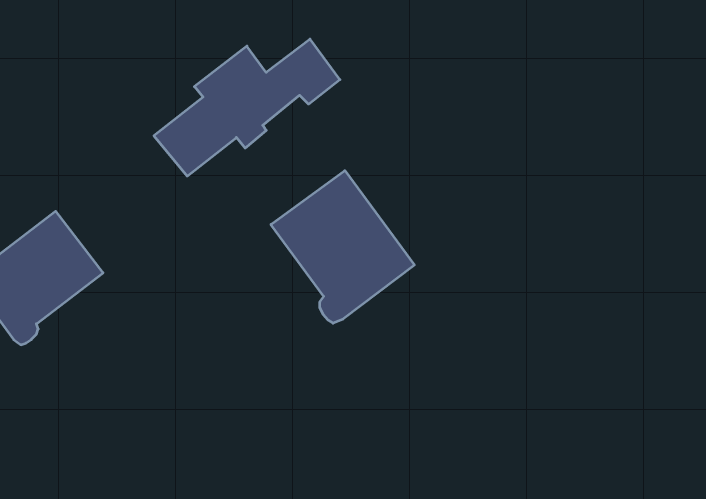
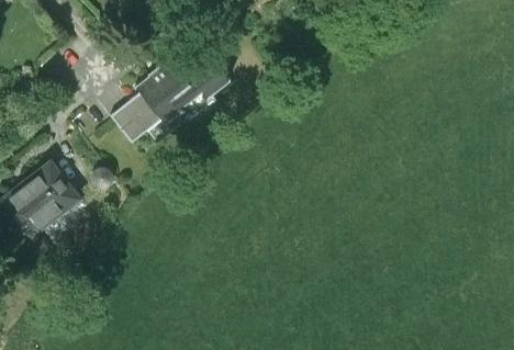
building: [271,171,414,323] -> none

